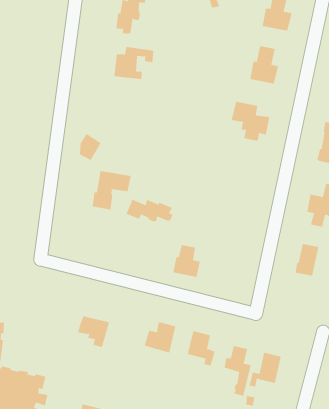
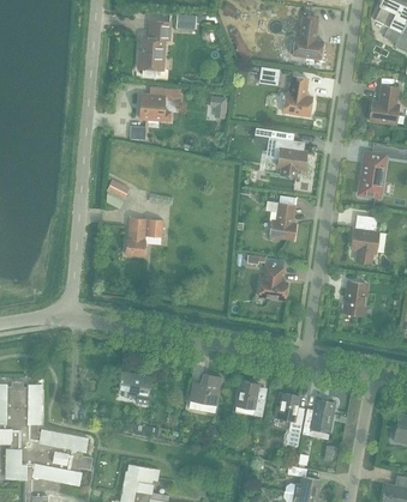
building: none -> [265,201,295,240]
building: [126,199,173,222] -> none
building: [172,244,201,277] -> [258,266,287,300]

